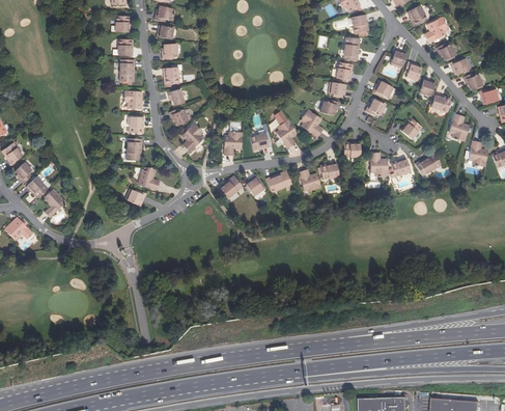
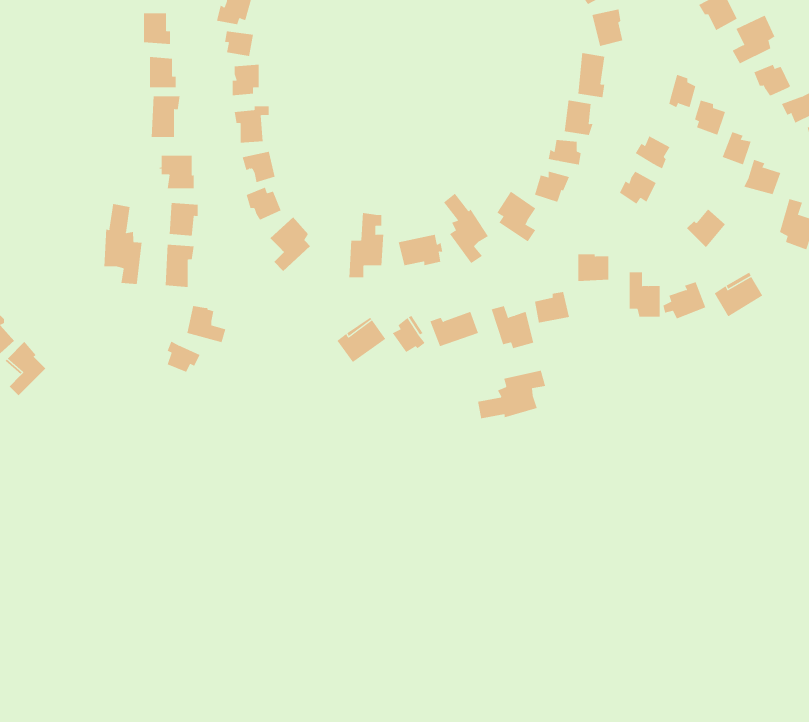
building: none -> [104,203,142,285]
building: none -> [478,370,546,419]

